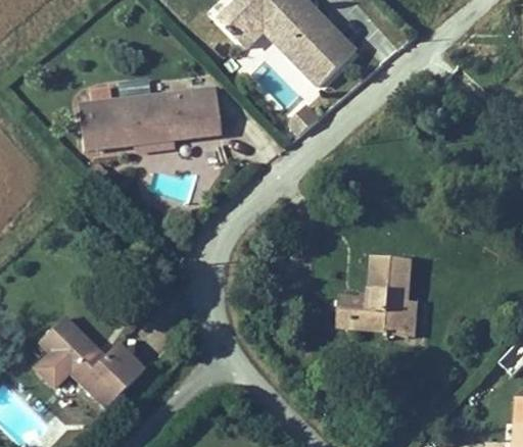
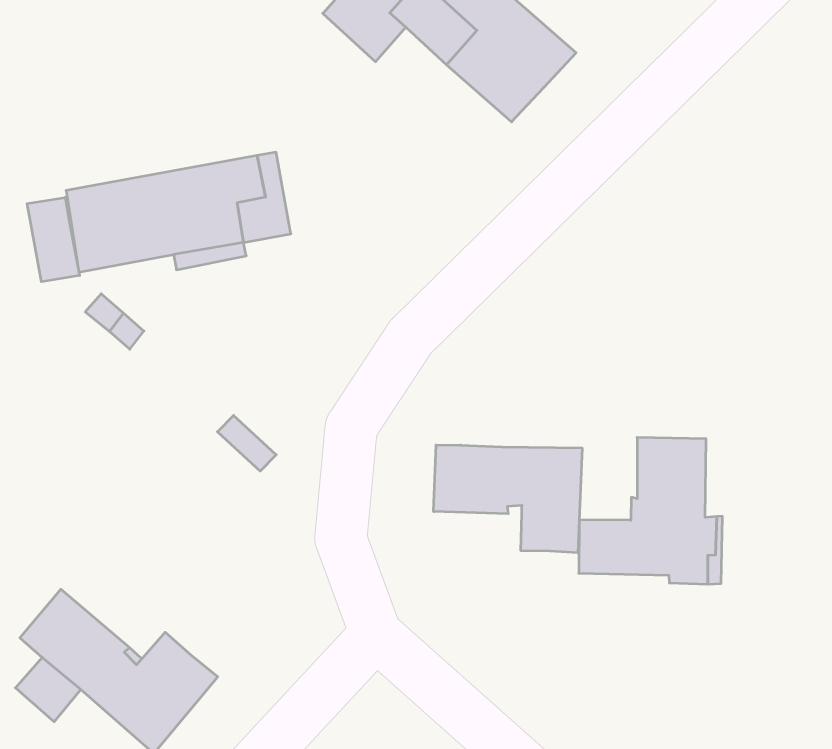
building: [192,88,220,135] -> none
building: none -> [27,197,80,282]
building: none -> [434,445,582,553]

